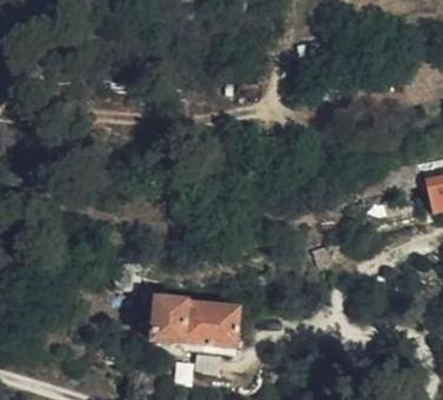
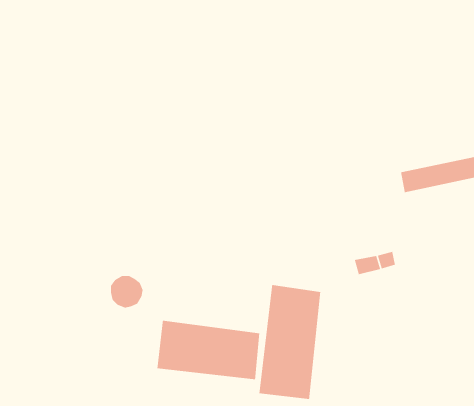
building: none -> [258,284,321,400]

